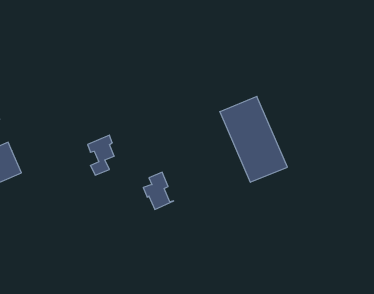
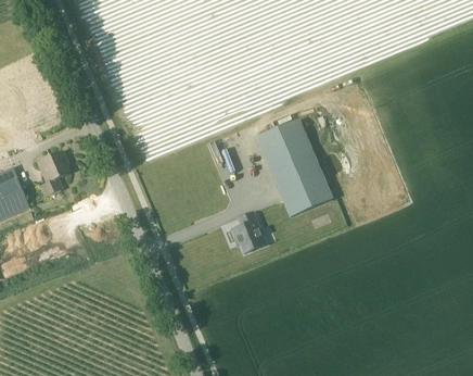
building: [88,135,114,175] -> [37,150,67,196]
building: [143,172,174,209] -> [230,212,265,254]

